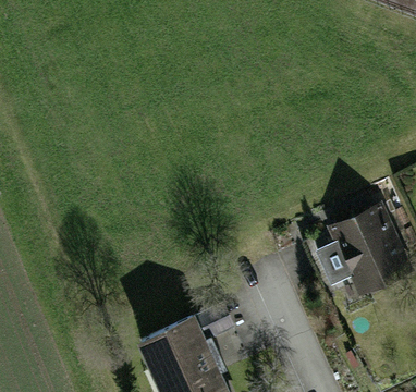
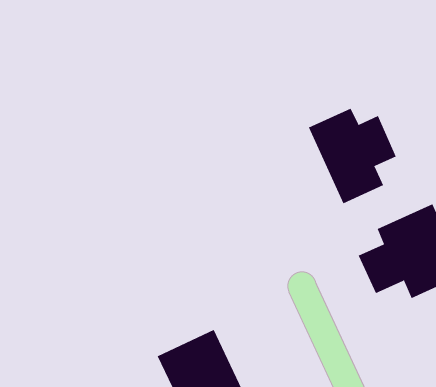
building: none -> [308,108,397,204]

